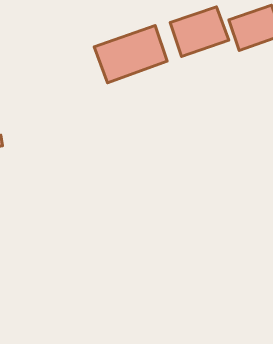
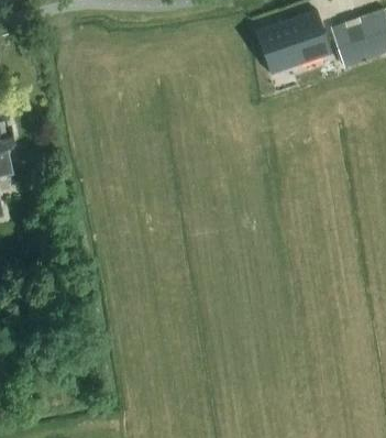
building: [94,25,167,83] -> none

